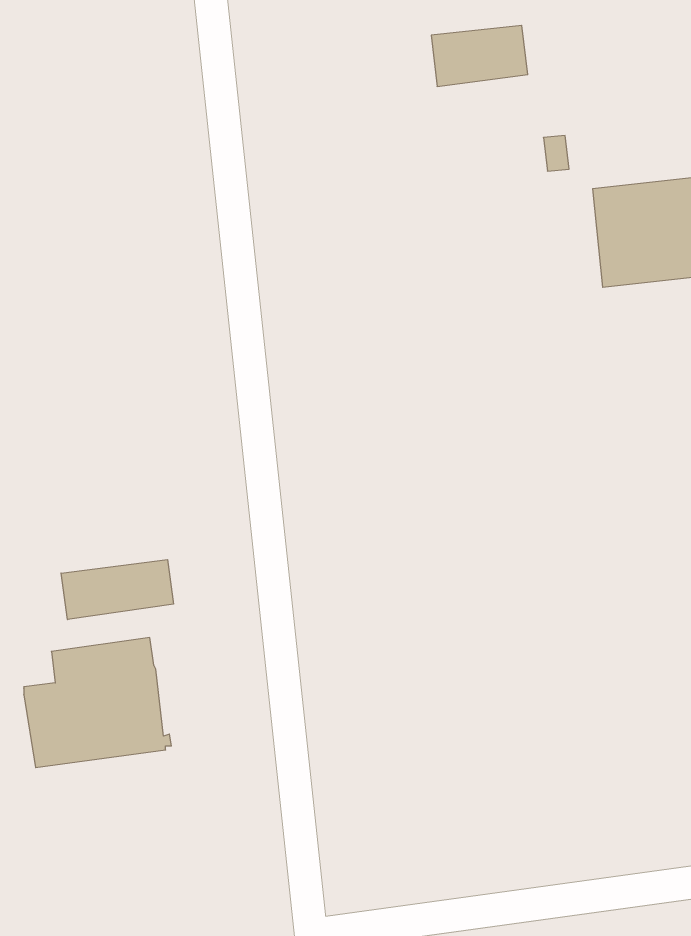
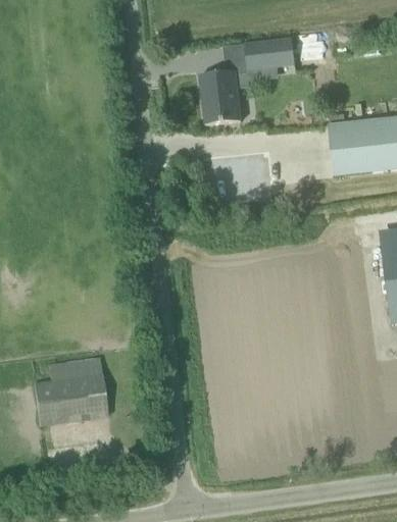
building: none -> [199,68,241,122]
building: [61,560,173,620] -> none

